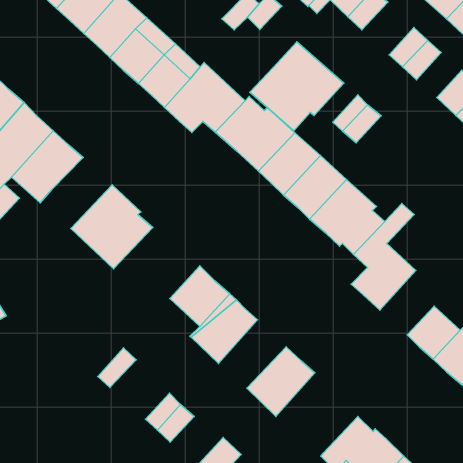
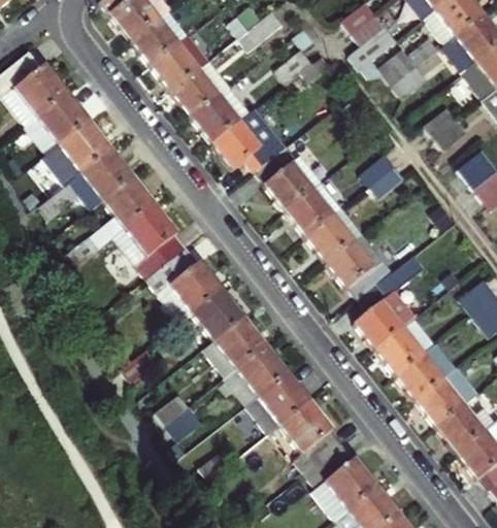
building: [250,42,344,131] -> none
building: none -> [65,176,158,268]
building: none -> [147,248,224,322]
building: none -> [376,322,435,377]
building: none -> [227,343,289,402]
building: none -> [281,398,342,470]

